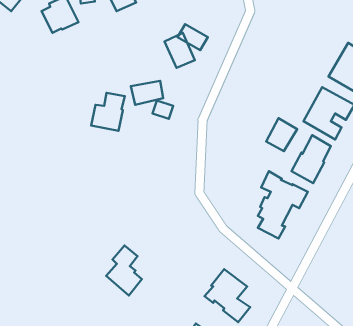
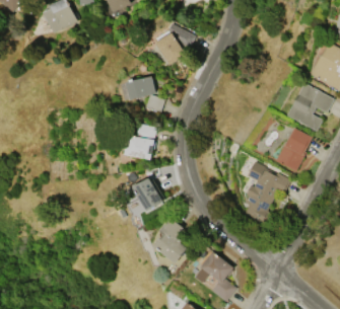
building: [91,93,125,131] -> [125,125,156,160]
building: [266,118,297,151] -> none
building: none -> [133,178,164,211]
building: [106,245,142,295] -> [153,218,187,264]

